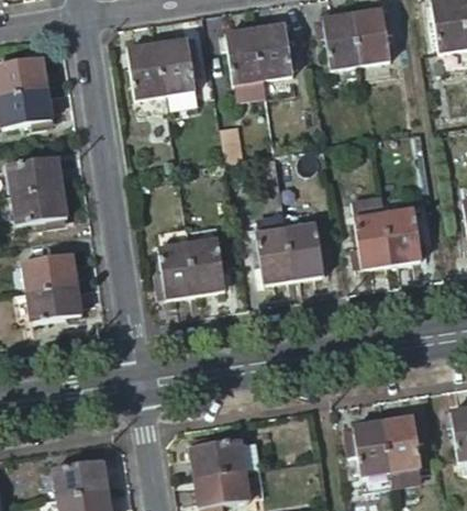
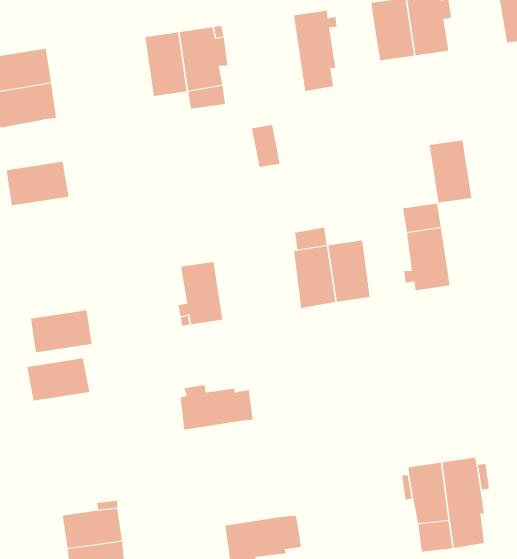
building: [225,30,265,99] -> none
building: [11,187,66,229] -> none
building: [383,209,421,264] -> [429,140,472,203]
building: [187,238,224,293] -> none
building: [22,255,77,292] -> [27,358,90,401]
building: [192,432,256,471] -> [180,384,253,430]

